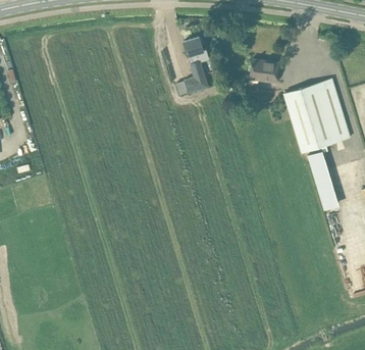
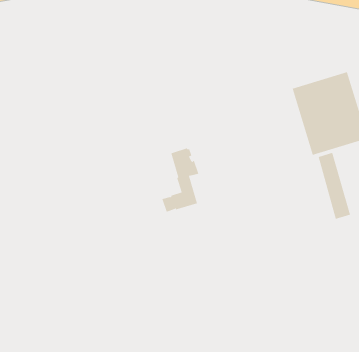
building: [175,38,209,96] -> [162,148,199,212]
building: [249,60,278,83] -> none

